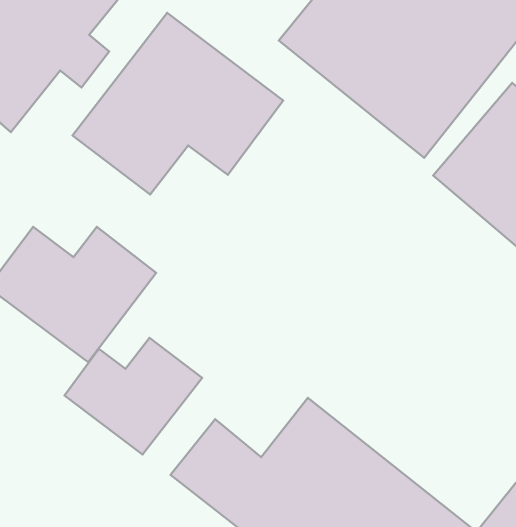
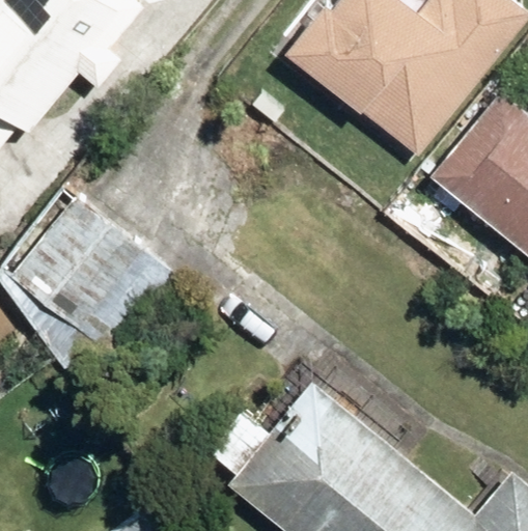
building: [72,13,283,195] -> none
building: [64,338,202,455] -> none

